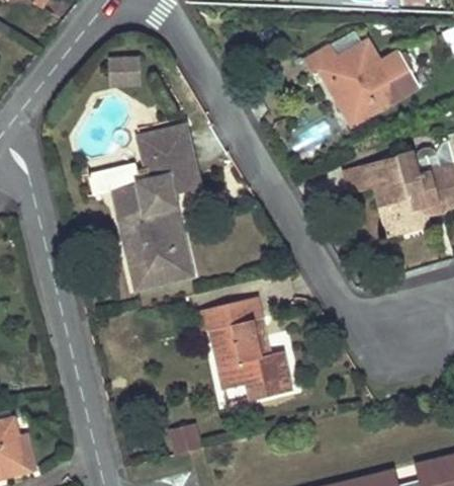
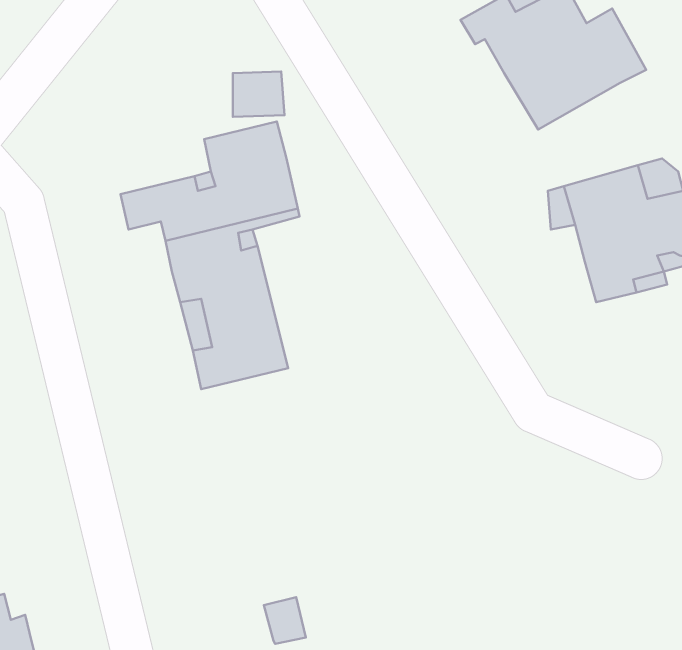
building: [108,58,141,86] -> [233,72,284,117]
building: [200,296,291,400] -> none

